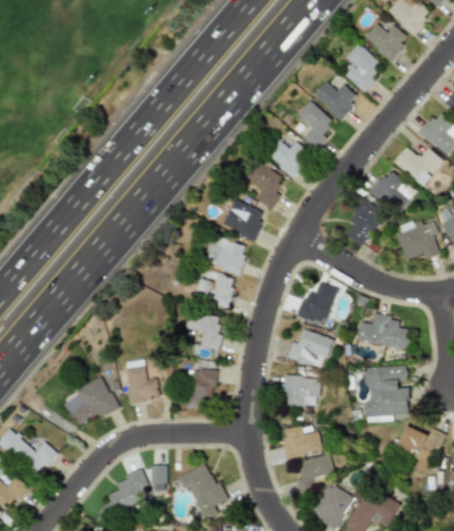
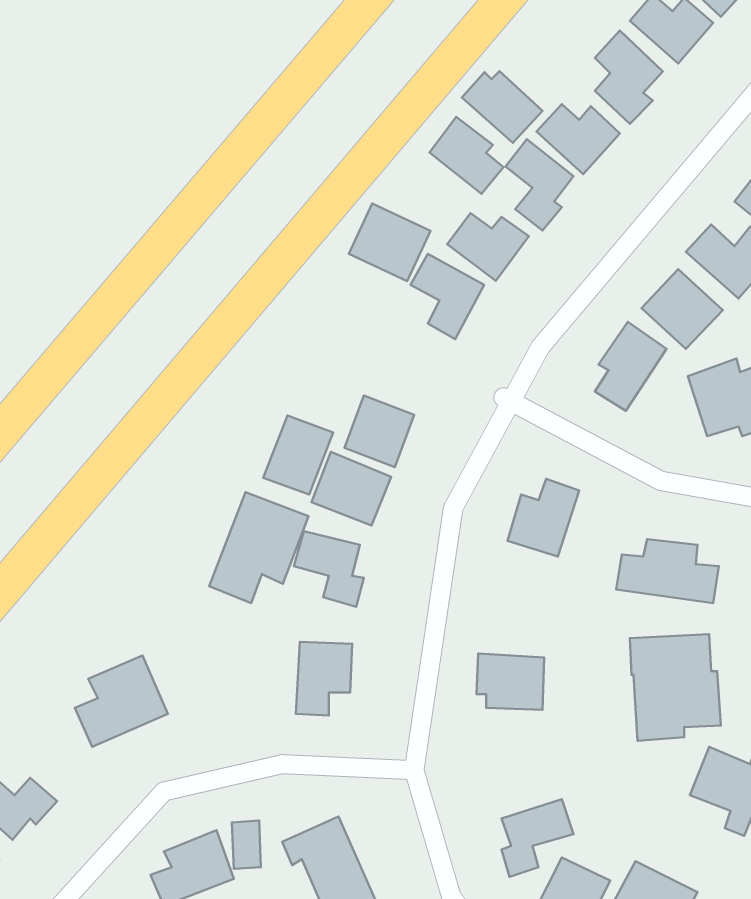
building: none -> [462,71,542,143]
building: none -> [430,117,504,194]
building: [222,198,265,240] -> [349,203,430,281]
building: none -> [263,416,333,495]
building: none -> [209,492,309,603]
building: [286,329,332,369] -> none
building: [125,366,160,403] -> none
building: [280,424,321,459] -> none

